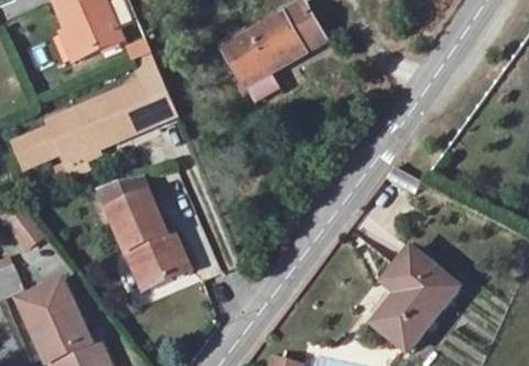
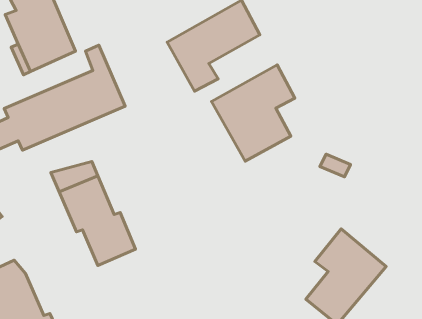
building: none -> [212,65,295,161]

